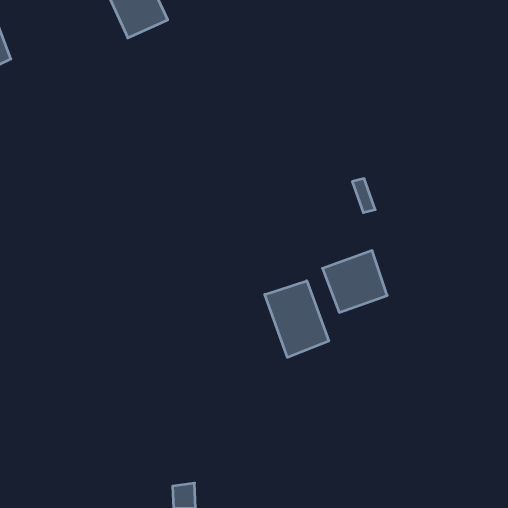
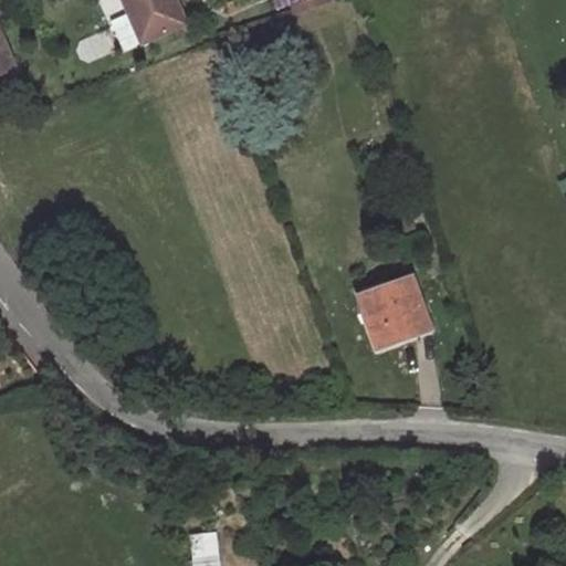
building: [265,281,329,357] -> none

